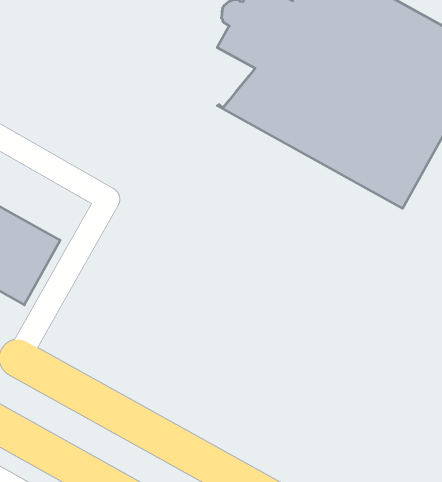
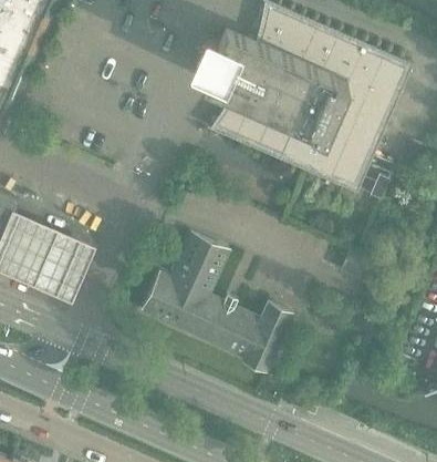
building: none -> [143,236,293,373]

